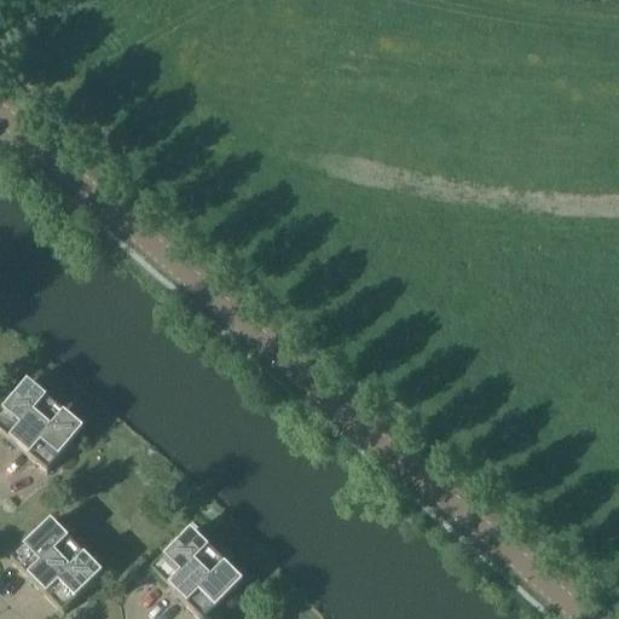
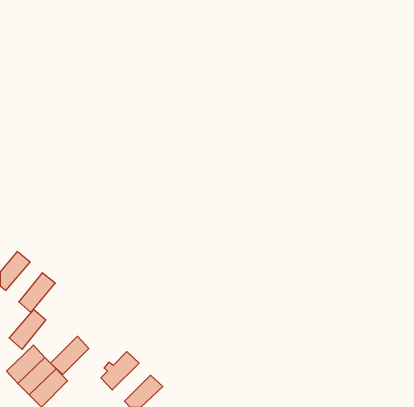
building: [11,389,65,449] -> [9,309,46,349]
building: [169,539,226,596] -> [51,336,89,375]

